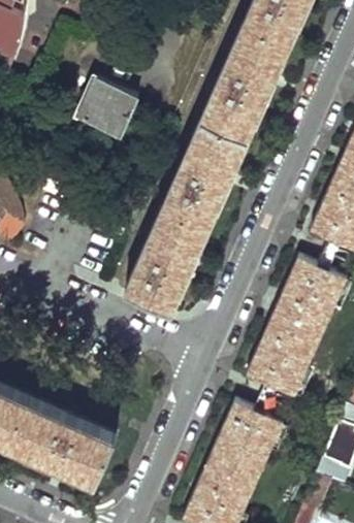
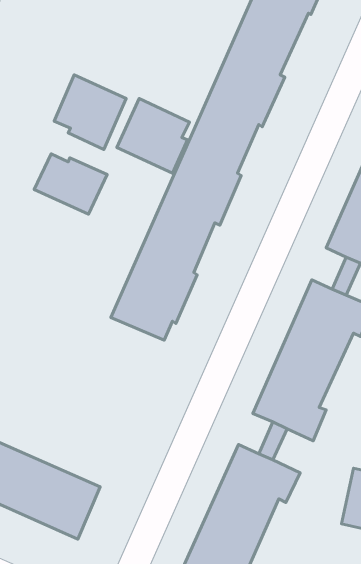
building: none -> [117,99,189,173]
building: none -> [34,154,107,214]

